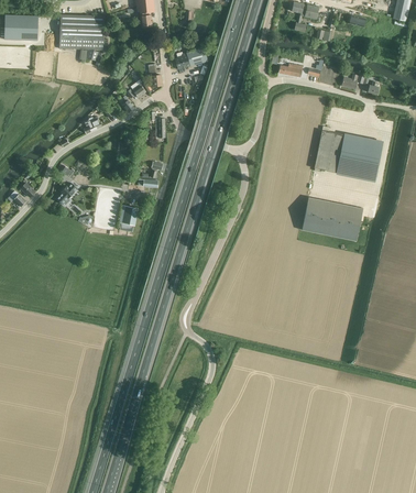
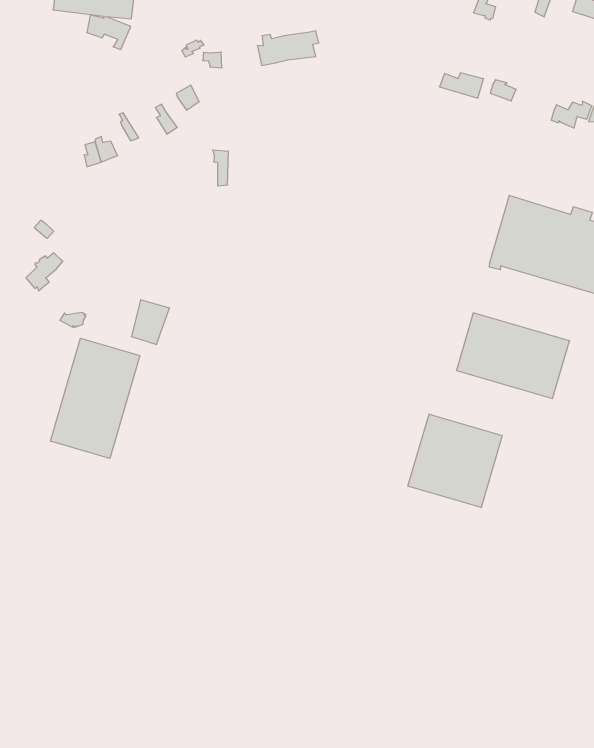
building: none -> [51,338,140,458]
building: none -> [408,414,502,508]

